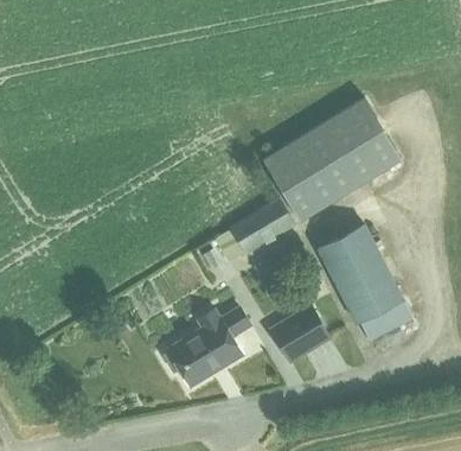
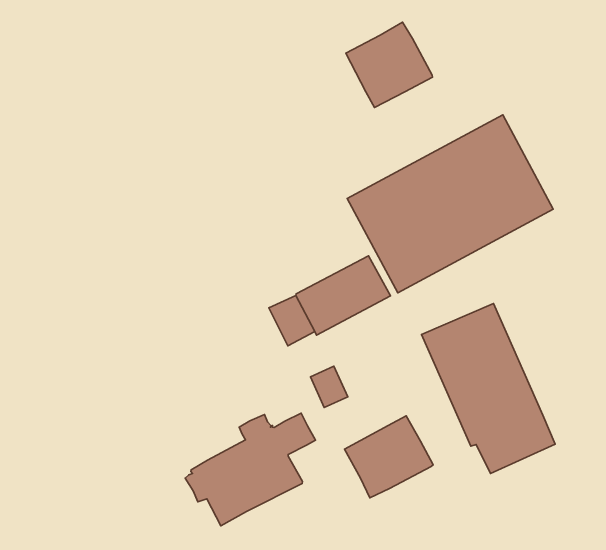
building: none -> [346,22,433,108]

